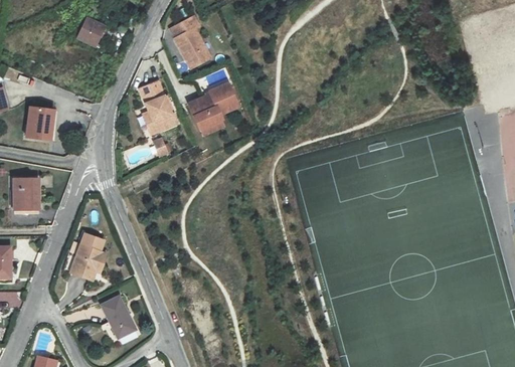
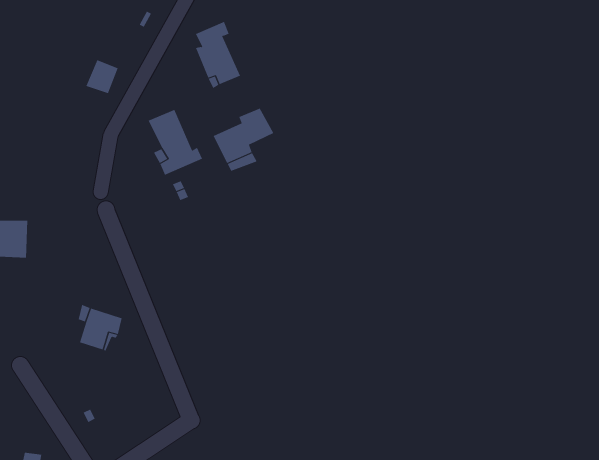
building: [80,14,107,41] -> [86,59,119,94]
building: [34,107,59,139] -> none
building: [104,293,138,335] -> none

